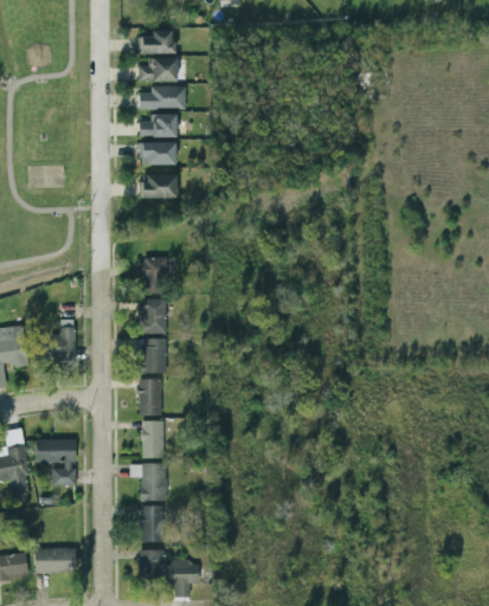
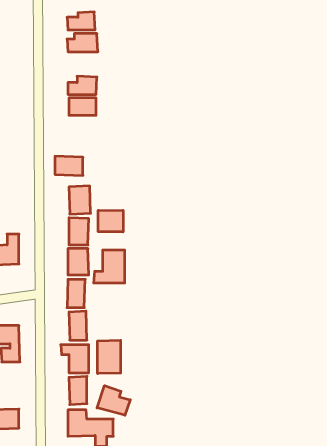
building: [139,86,186,109] -> none
building: [140,174,176,199] -> [55,156,83,175]
building: none -> [98,210,123,232]
building: none -> [94,250,125,283]
building: none -> [98,340,121,374]
building: none -> [97,386,130,415]

